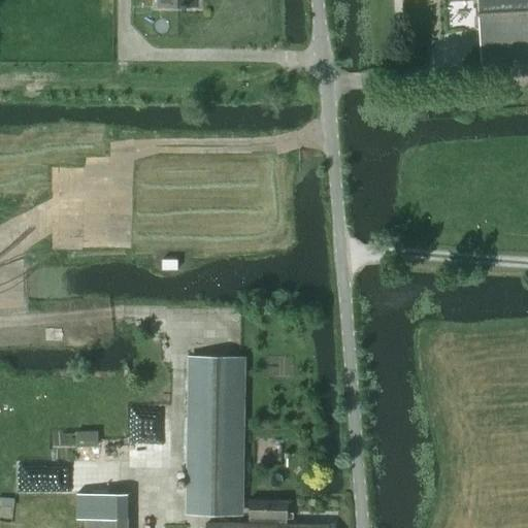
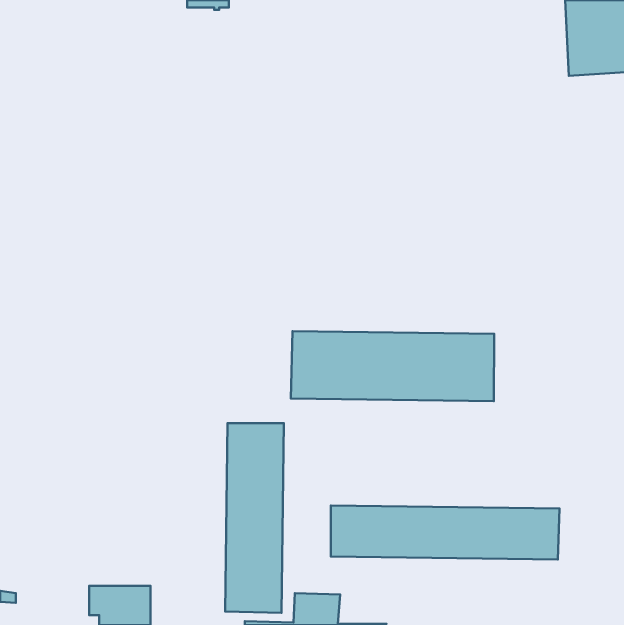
building: none -> [291,331,494,401]
building: none -> [331,505,559,559]

